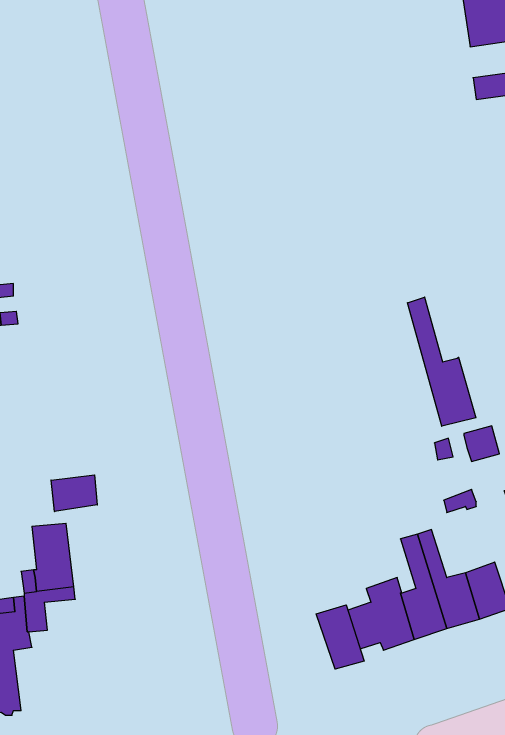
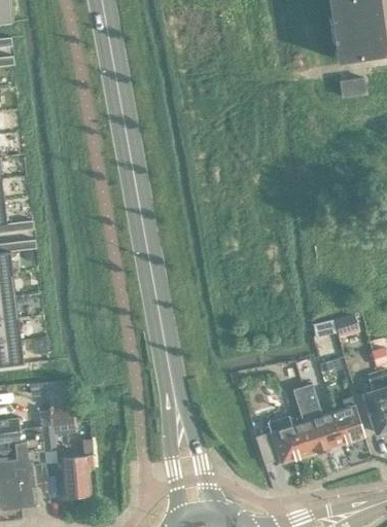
building: [407,297,476,426] -> none
building: [51,475,97,512] -> none
building: [316,605,364,669] -> none
building: none -> [60,441,93,496]

